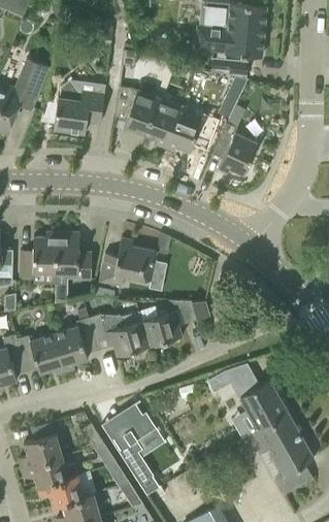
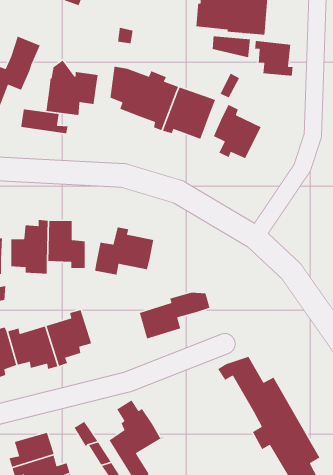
building: none -> [254,40,293,76]
building: none -> [20,109,68,134]
building: [88,312,150,356] -> none

